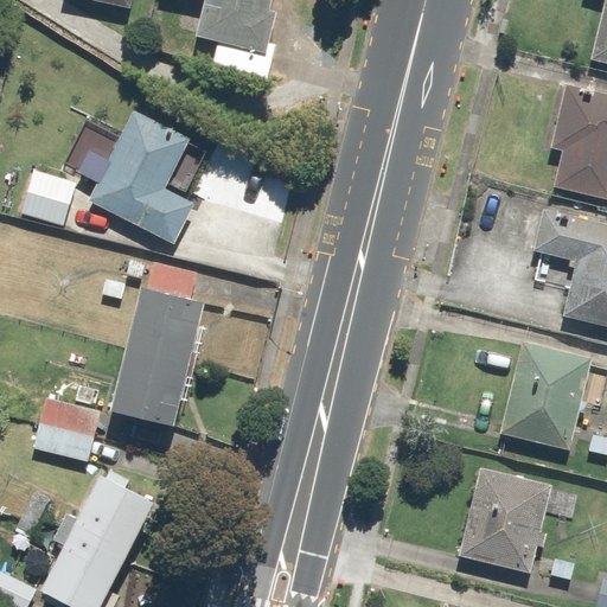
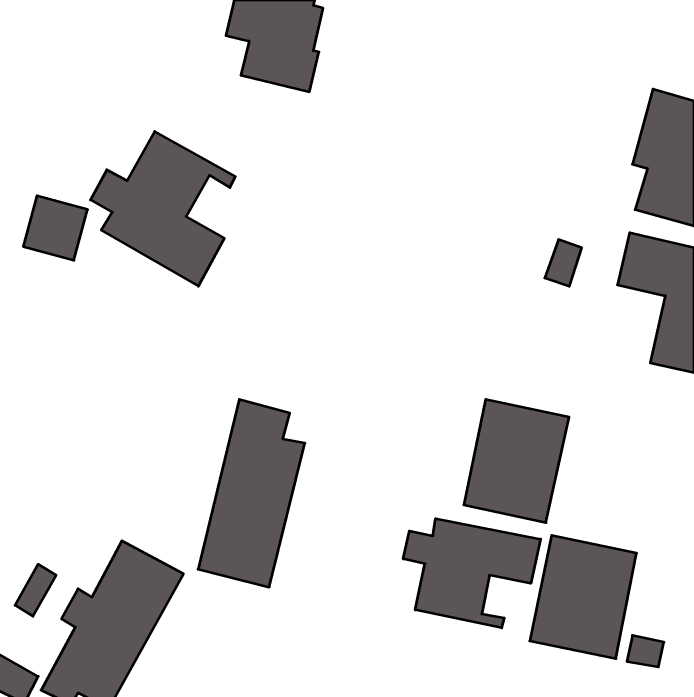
building: [116,264,209,427] -> [198,399,305,587]
building: [501,341,593,448] -> [464,399,569,523]
building: [33,398,103,462] -> none
building: none -> [403,519,541,628]

